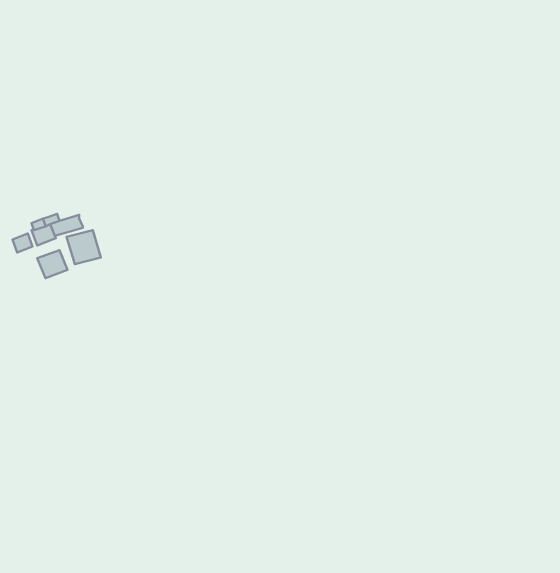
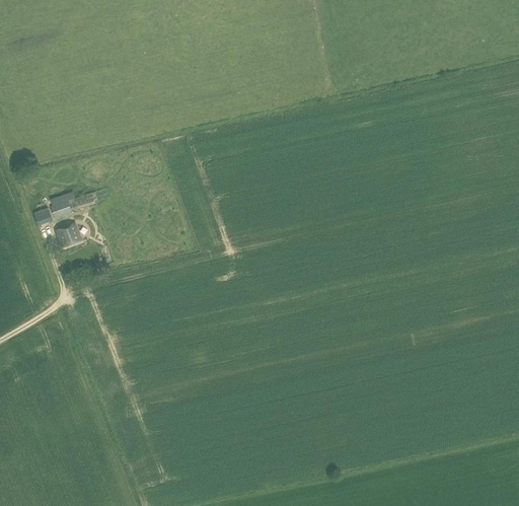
building: [67,230,101,264] -> none

